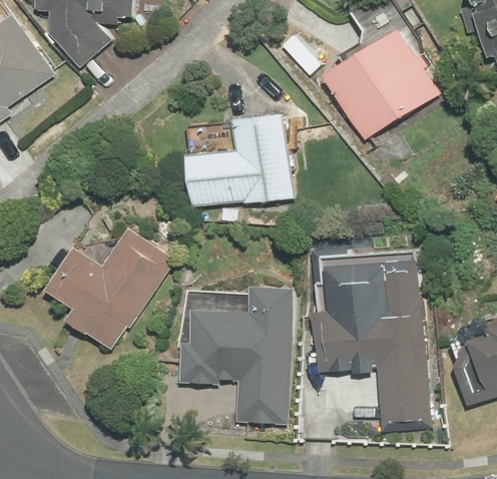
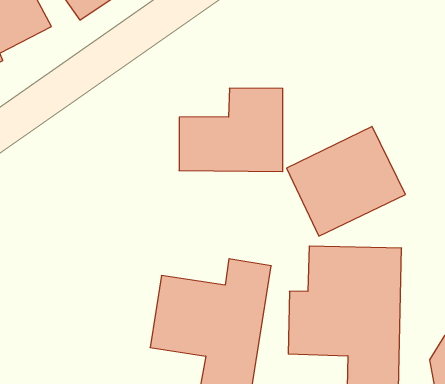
building: [321,28,439,140] -> [287,126,405,236]
building: [45,226,176,349] -> none

